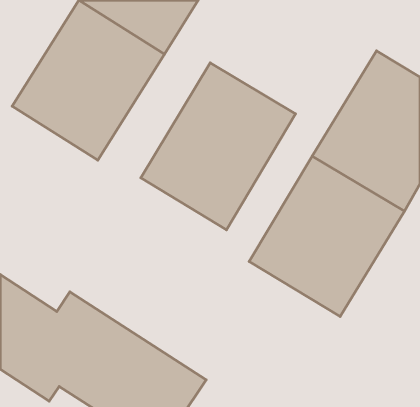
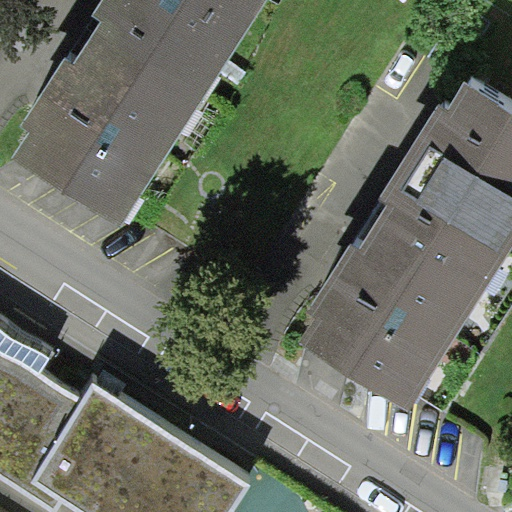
building: [141,63,295,230] -> none

